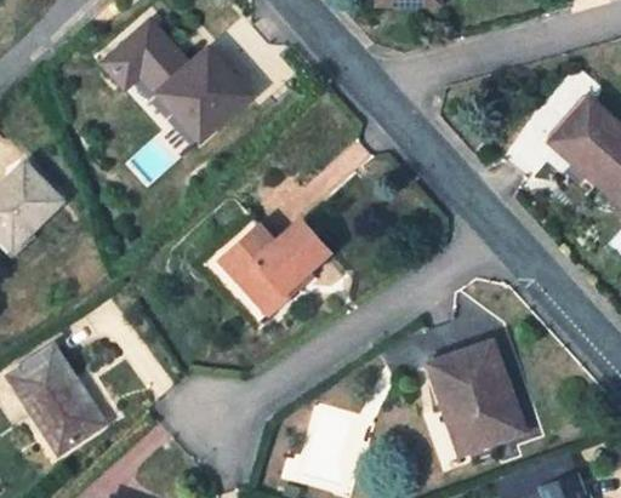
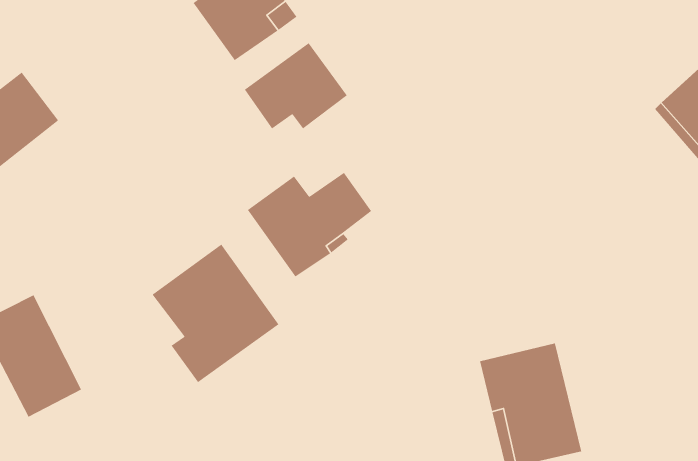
building: none -> [244,42,348,130]
building: none -> [152,244,280,383]

